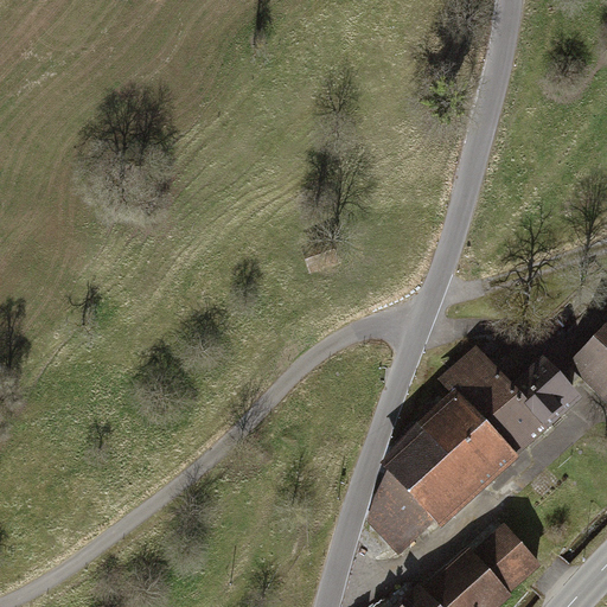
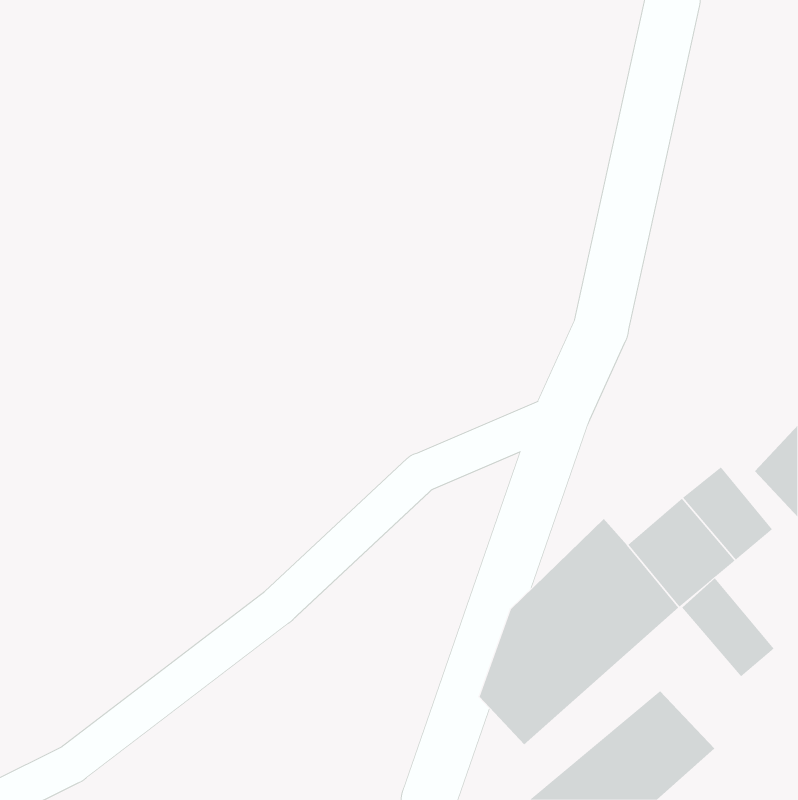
building: [443,339,517,413] -> none
building: none -> [682,578,775,677]

